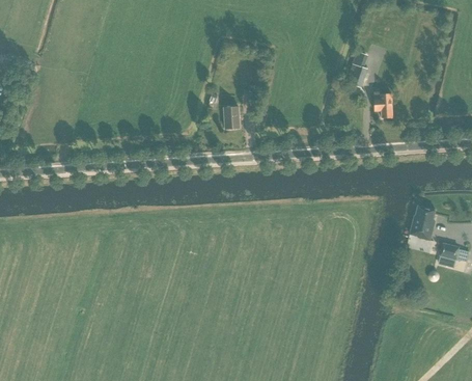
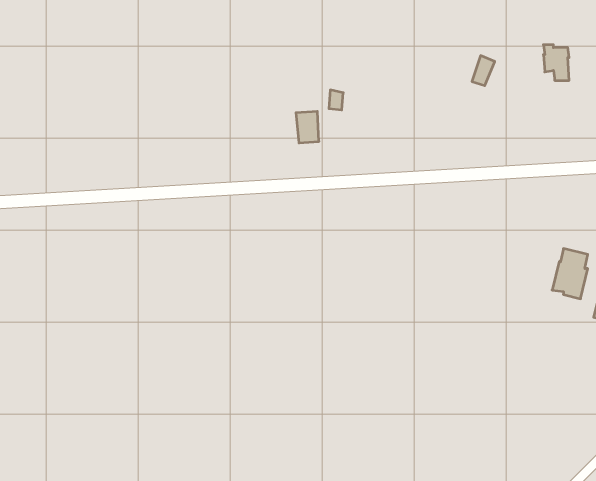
building: [373,91,392,117] -> [543,45,569,80]

